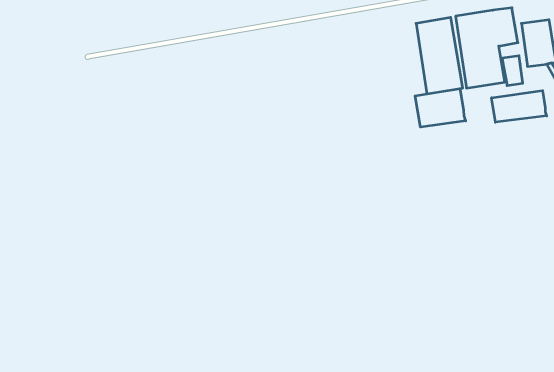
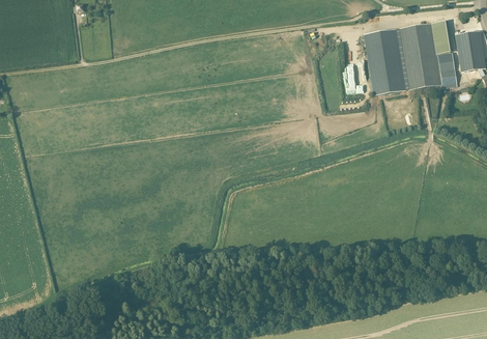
building: [415,89,466,127] -> none
building: [492,91,547,122] -> none

